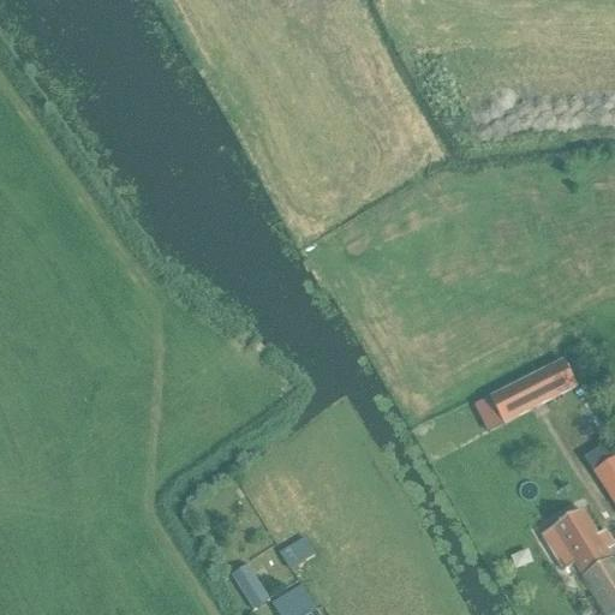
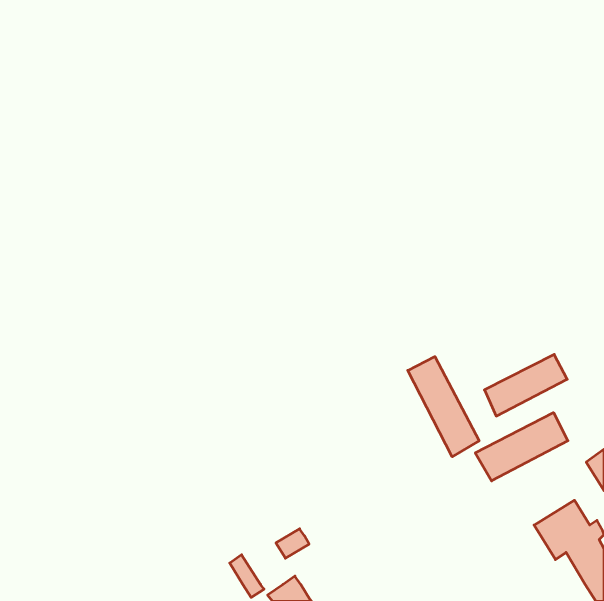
building: none -> [408,357,479,457]
building: none -> [475,413,568,481]

